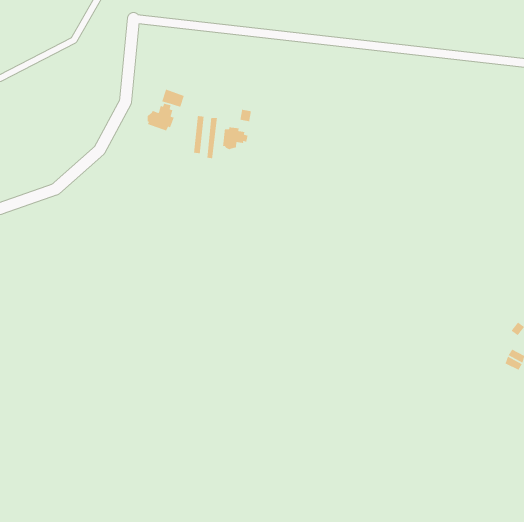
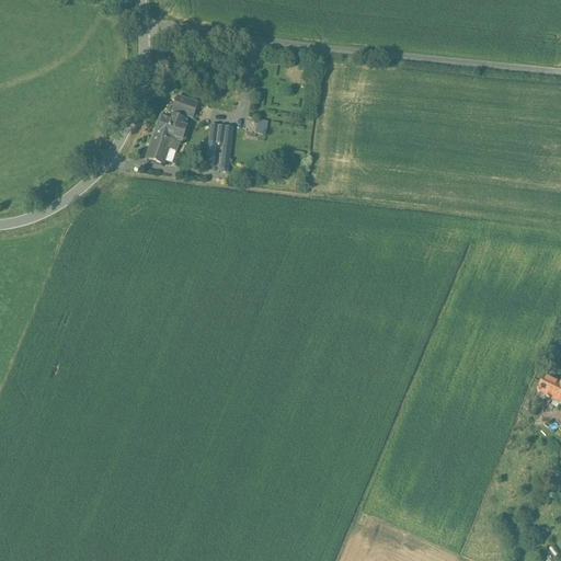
building: none -> [147,133,179,162]
building: [222,126,249,150] -> none

